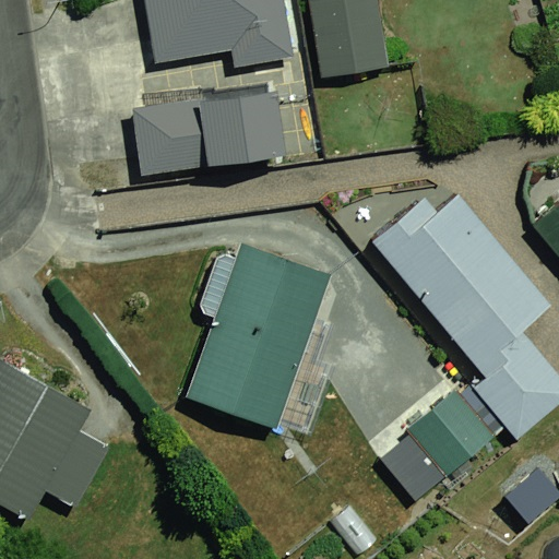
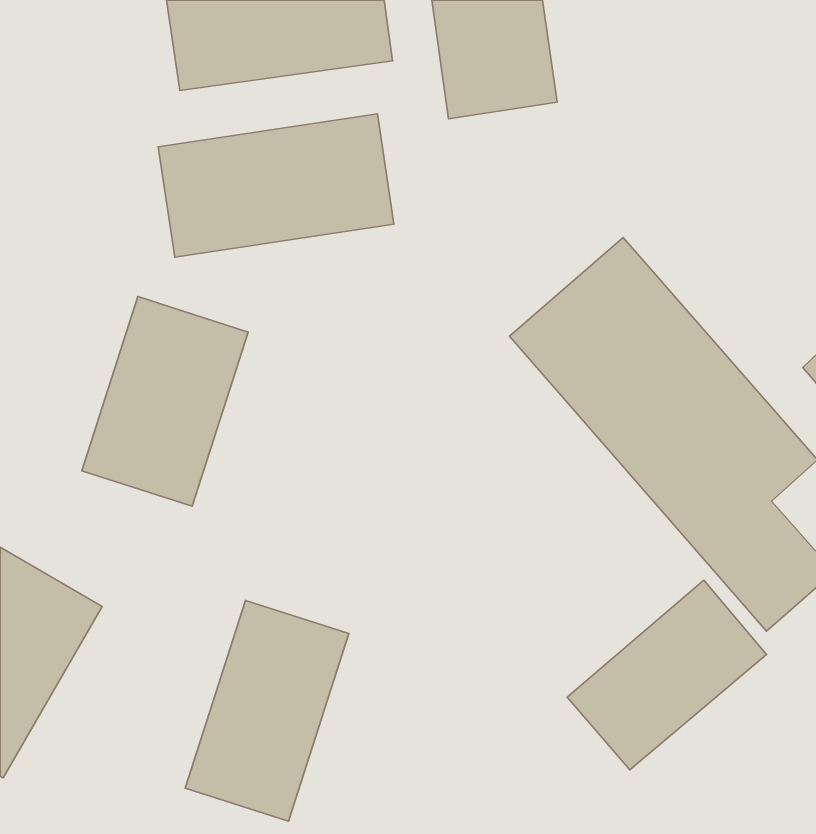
building: none -> [82,297,248,506]
building: [173,241,318,425] -> none
building: none -> [185,600,349,821]

